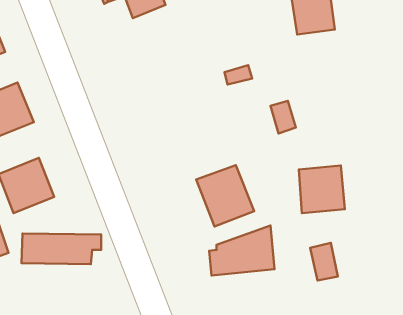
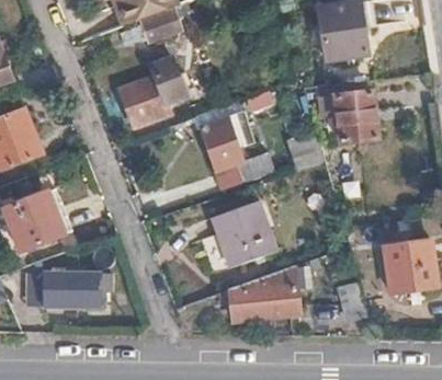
building: none -> [121,60,180,127]
building: none -> [319,92,375,143]
building: none -> [197,114,271,179]
building: [299,165,345,213] -> [383,240,432,291]

